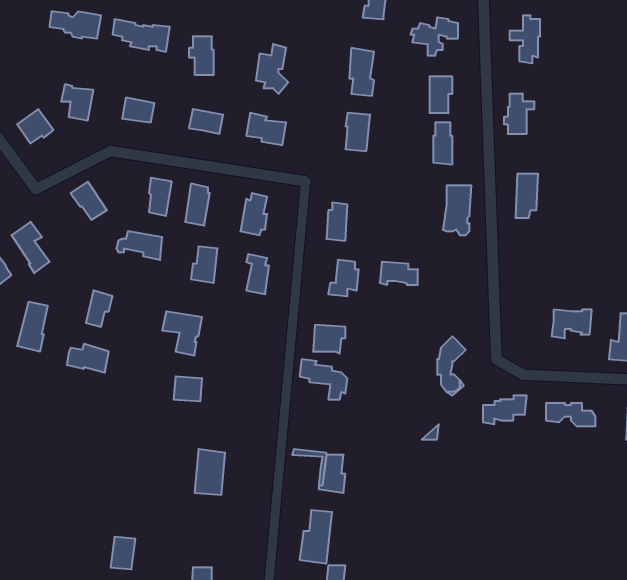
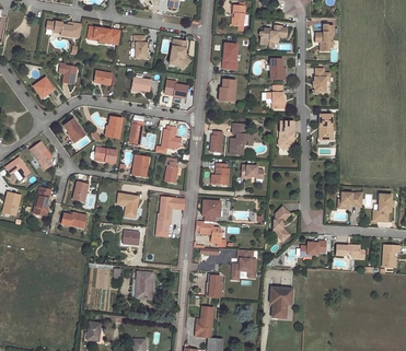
building: none -> [230,122,253,154]
building: none -> [155,196,184,231]
building: none -> [232,249,256,278]
building: none -> [270,286,292,317]

